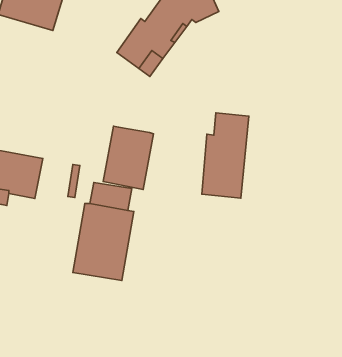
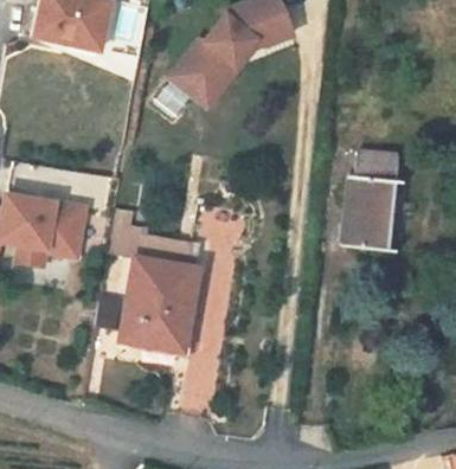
building: [202,113,249,198] -> [338,153,393,253]
building: [103,126,153,189] -> none

